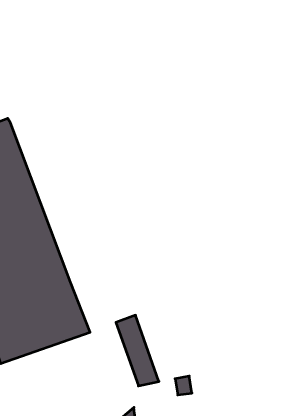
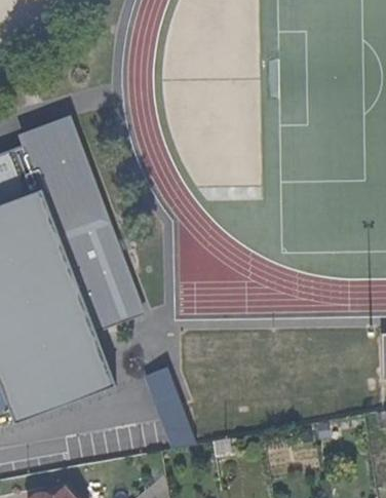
building: none -> [20,114,145,331]

